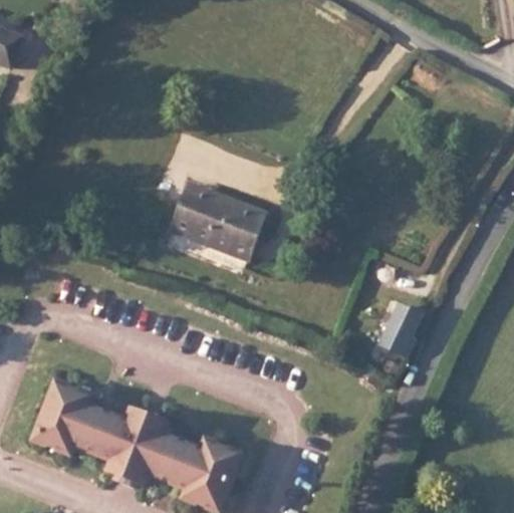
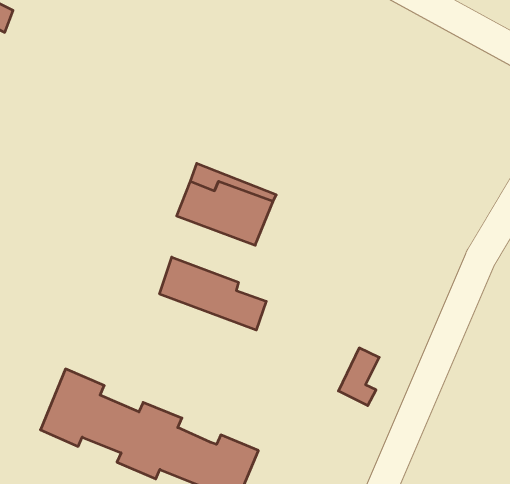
building: none -> [160,257,266,330]
building: [375,298,415,353] -> [338,348,379,406]

